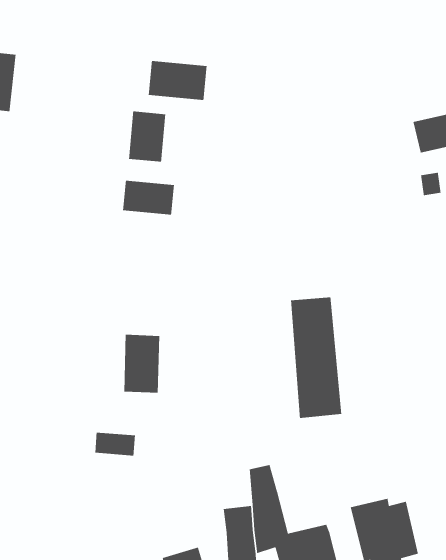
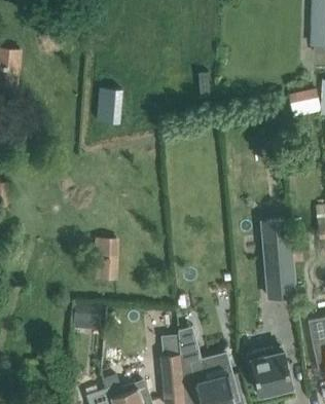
building: [148,60,208,101] -> none
building: [122,180,175,216] -> none
building: [290,297,342,419] -> [262,216,297,298]

